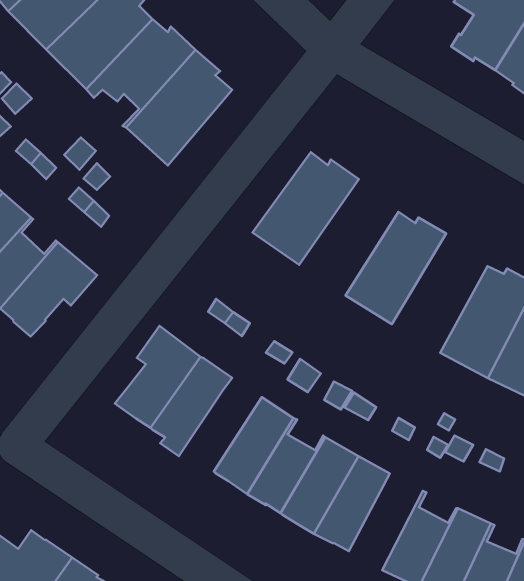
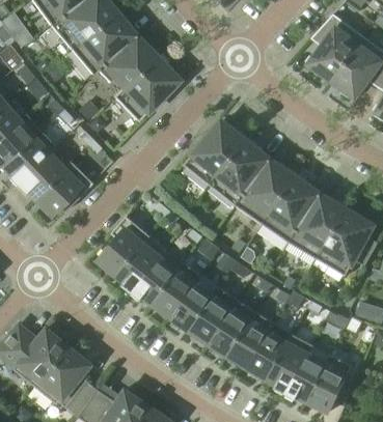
building: none -> [210,138,270,205]
building: none -> [262,173,320,243]
building: none -> [132,256,183,303]
building: none -> [227,311,273,367]

